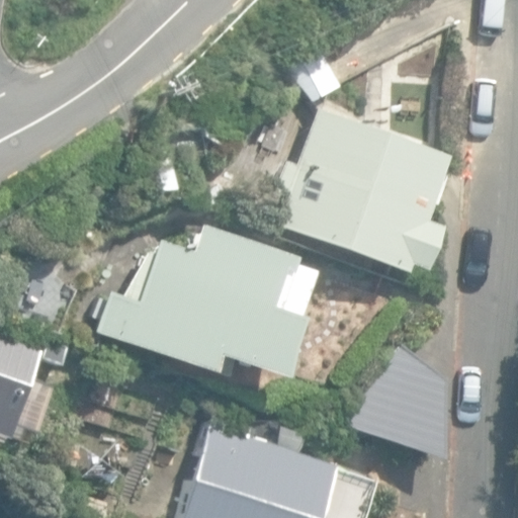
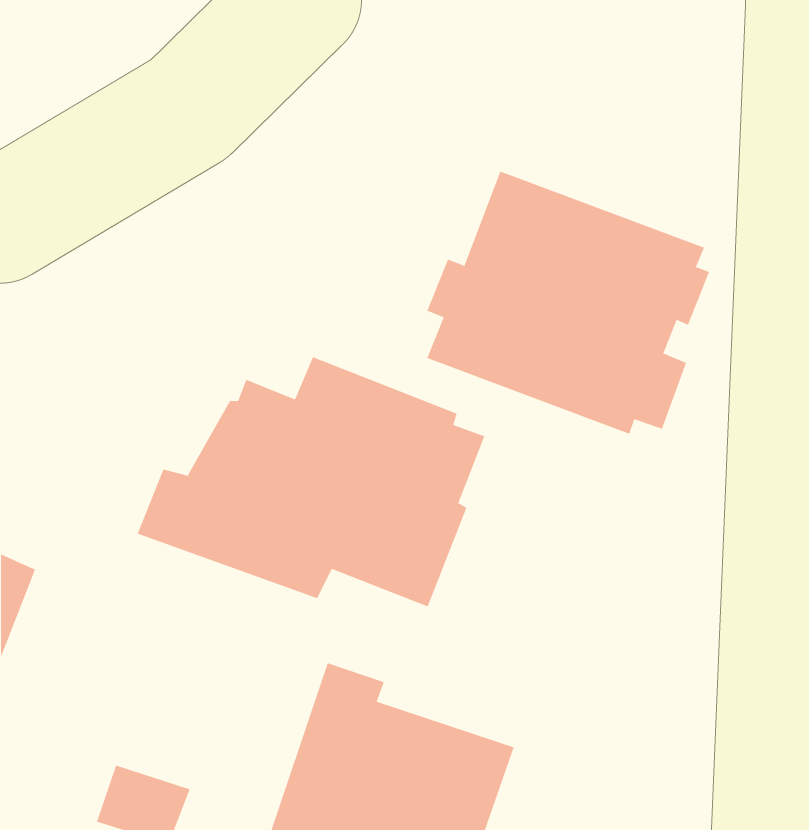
building: [342,335,453,460] -> none

